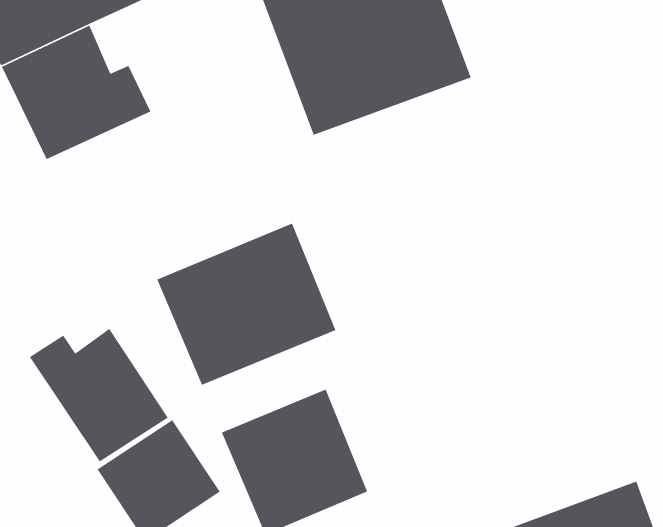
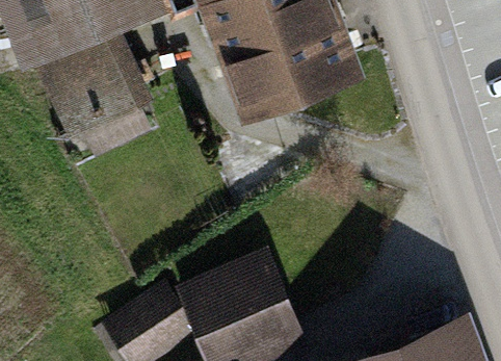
building: [156,222,337,386] -> none
building: [29,328,169,463] -> none

